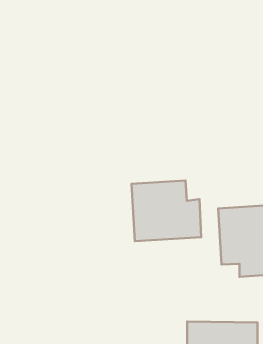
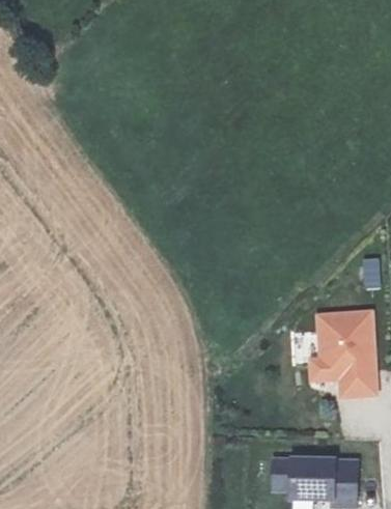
building: [132,180,201,241] -> none

